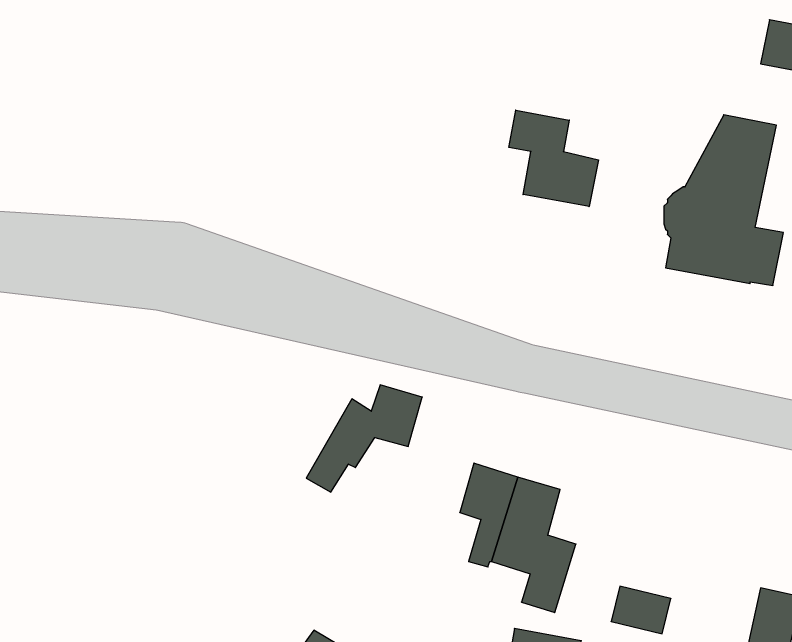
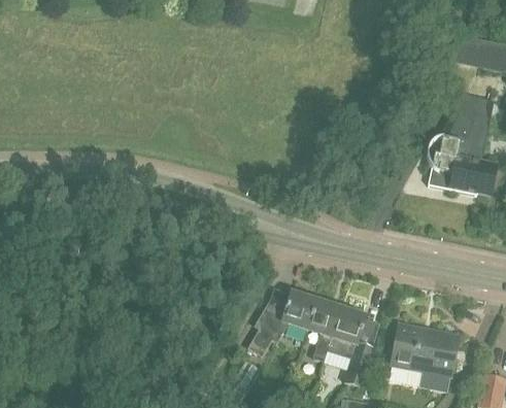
building: [509,110,598,207] -> none
building: [306,385,422,492] -> [248,292,316,354]
building: none -> [394,325,460,376]

